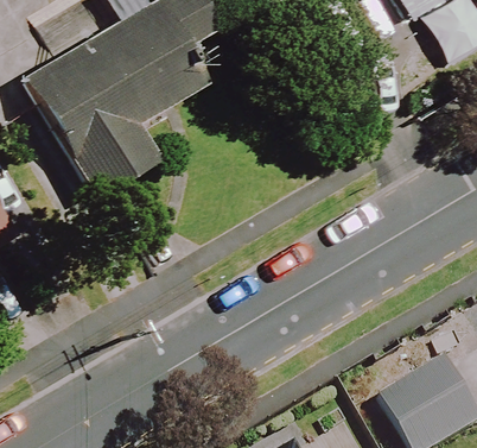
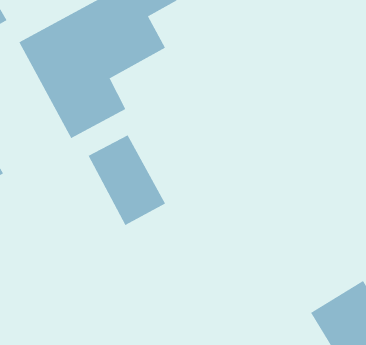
building: none -> [88,134,166,226]

